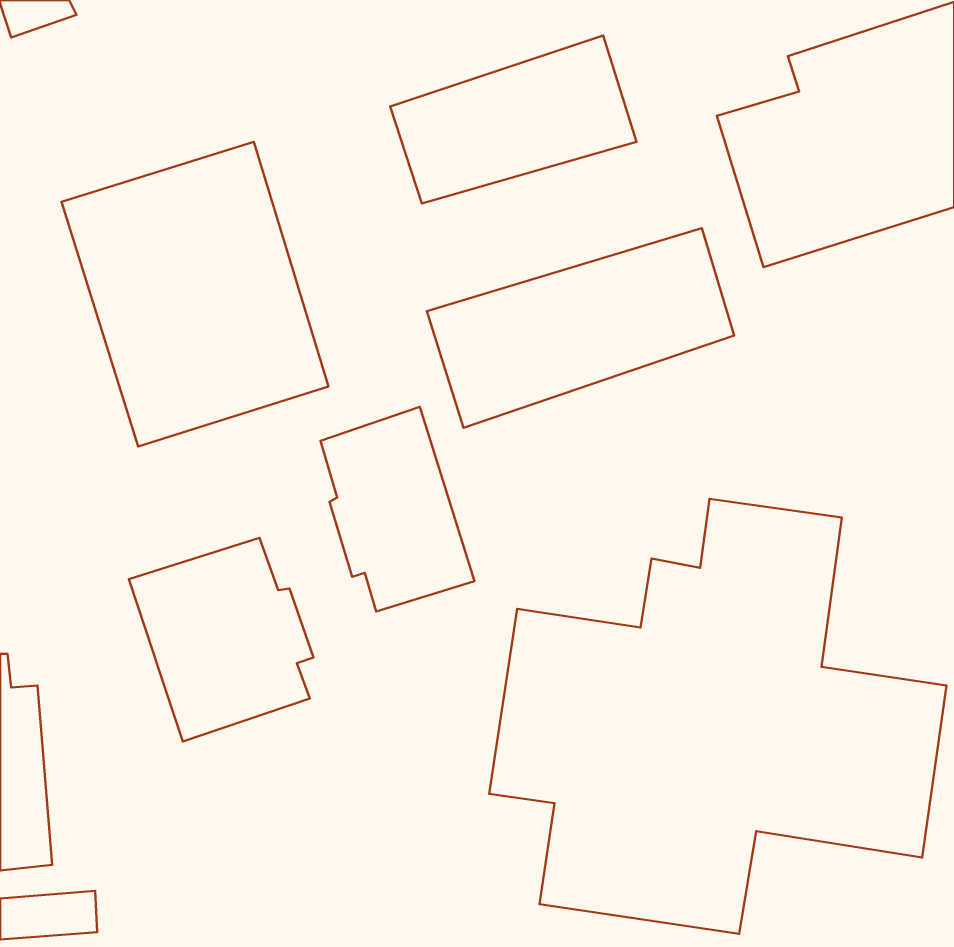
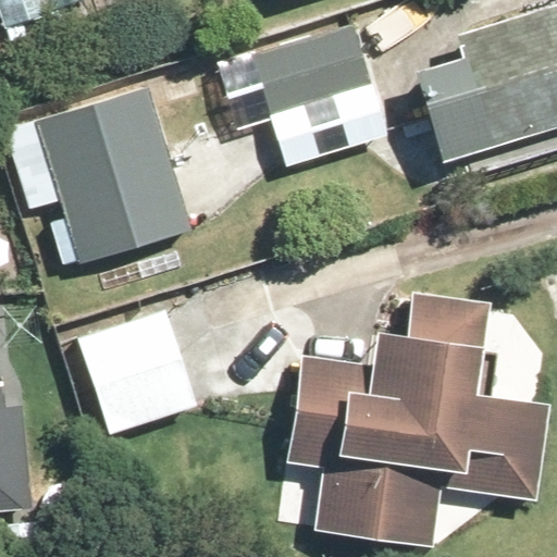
building: [427,228,734,428] -> none
building: [320,407,474,611] -> none

